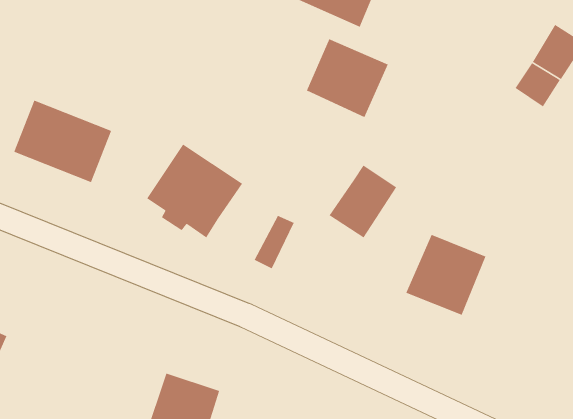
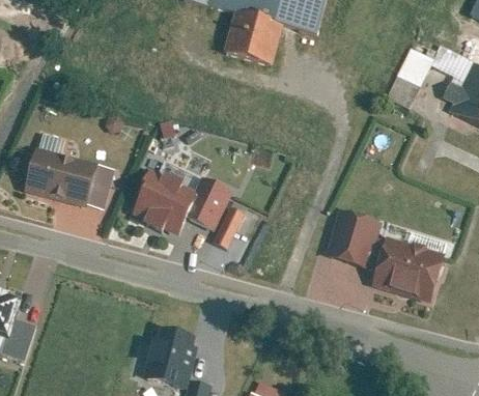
building: [306,38,389,118] -> none
building: none -> [86,163,115,208]
building: [329,165,397,238] -> [182,177,230,231]
building: none -> [370,236,445,302]

